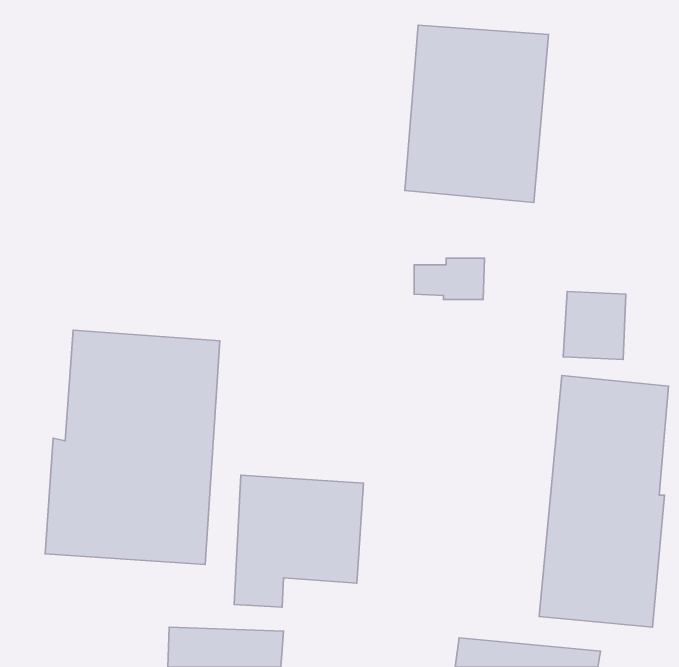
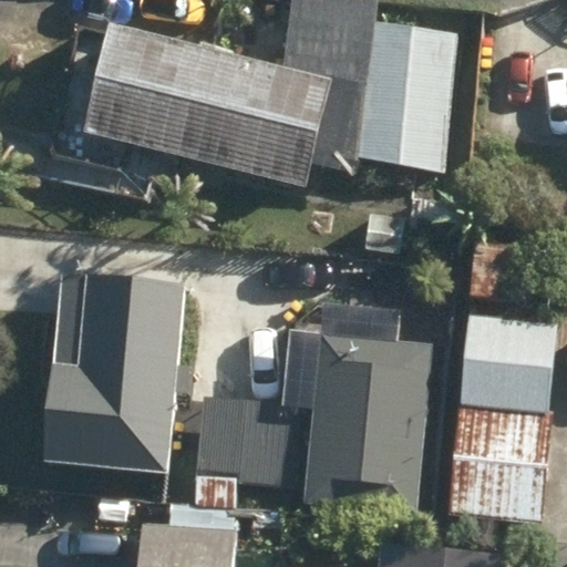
building: none -> [83,27,329,182]
building: none -> [305,333,430,512]

